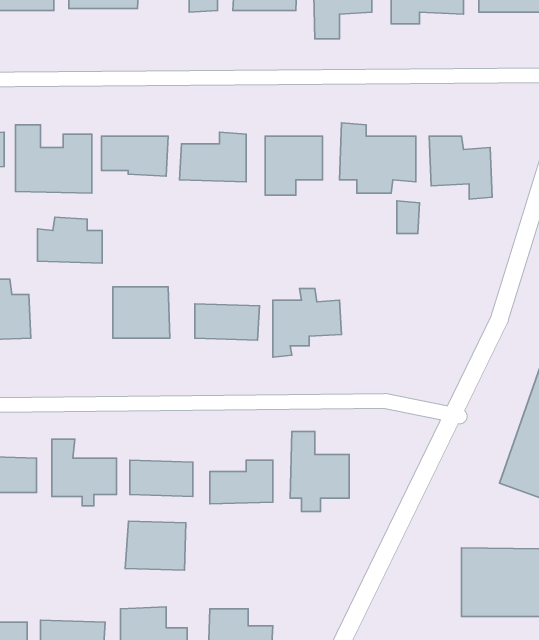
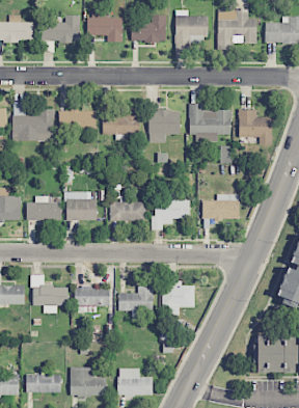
building: [38,217,102,263] -> [26,195,61,220]
building: none -> [201,194,239,219]
building: [125,521,186,570] -> none

